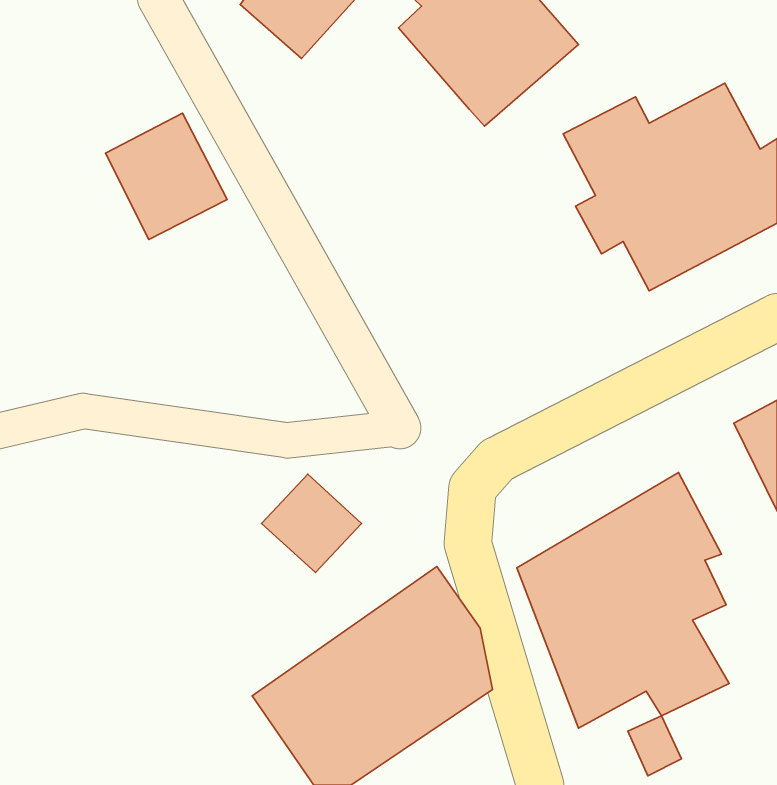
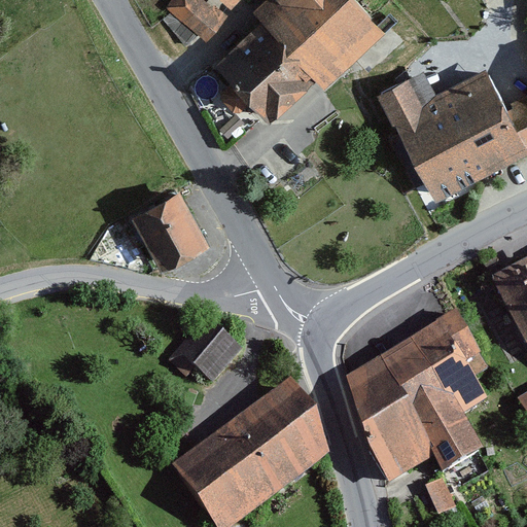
building: none -> [214,19,314,117]
building: [106,113,227,239] -> [128,184,209,269]

